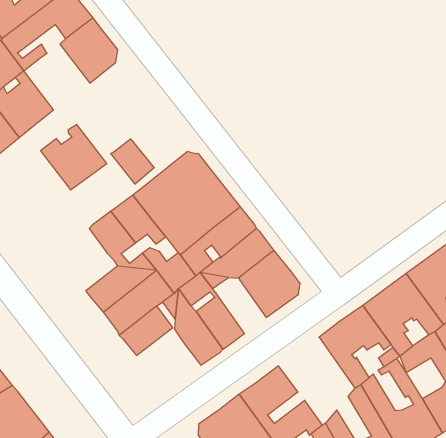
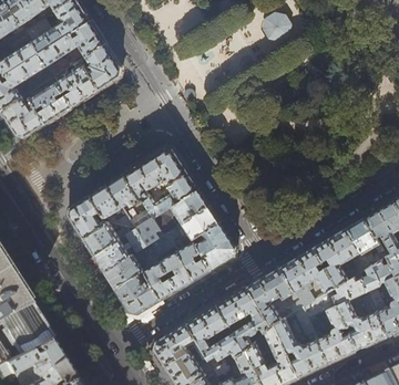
building: [41,124,107,190] -> [53,60,100,106]
building: [111,139,154,184] -> none
building: none -> [68,194,108,238]
building: none -> [176,240,211,279]
building: none -> [115,270,161,313]
building: none -> [216,287,269,350]

